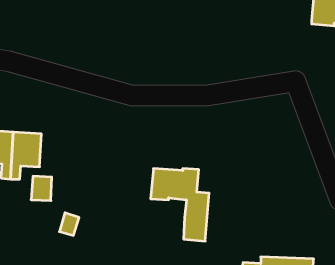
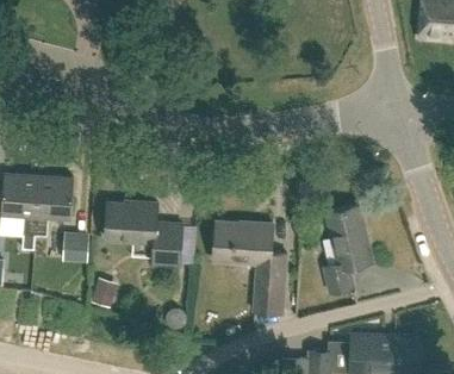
building: none -> [105,201,182,268]
building: none -> [323,204,372,293]

